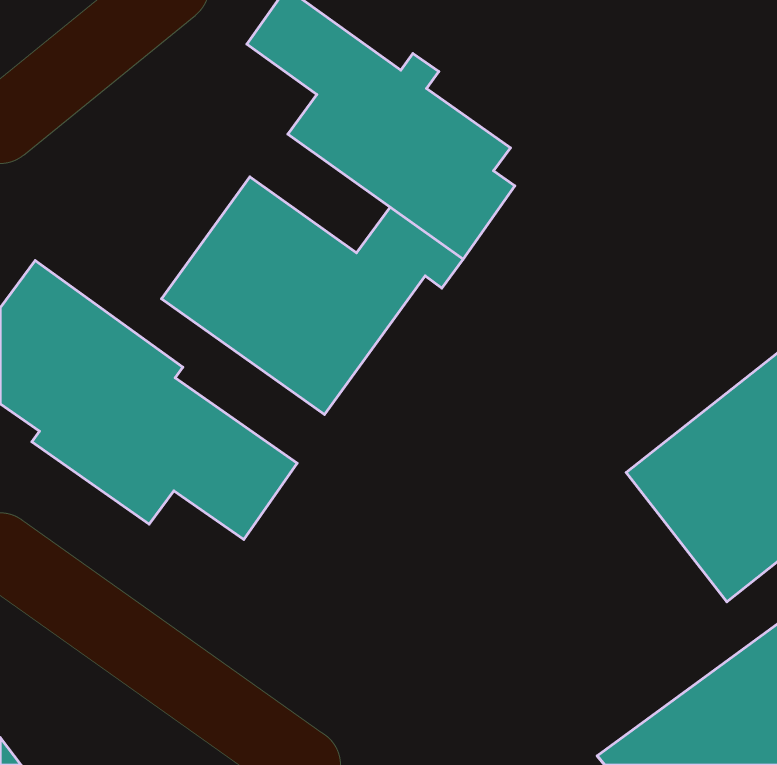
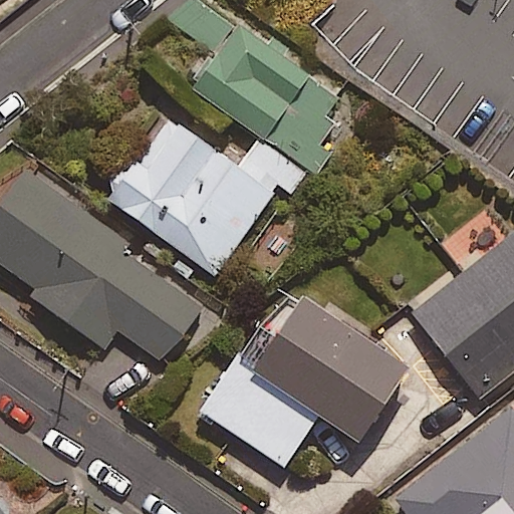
building: none -> [202,288,409,467]

